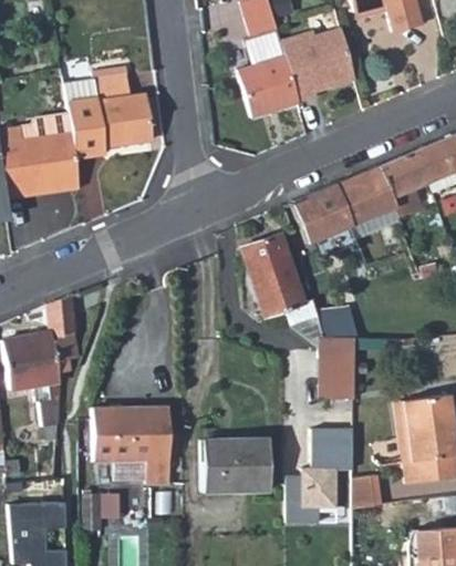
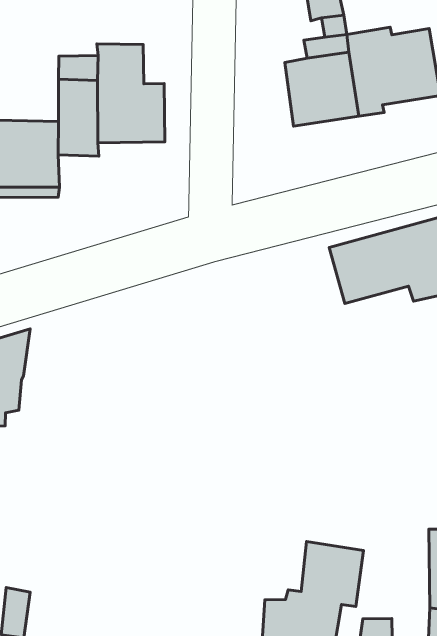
building: [243,235,323,325] -> none
building: [323,337,357,398] -> none
building: [94,409,173,486] -> none
building: [195,438,265,494] -> none

